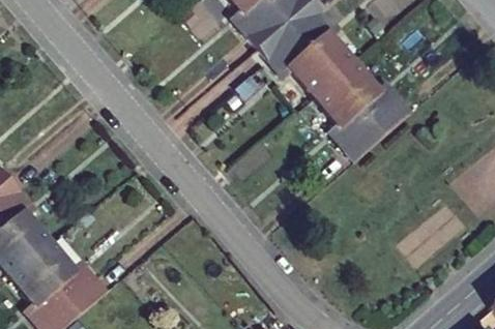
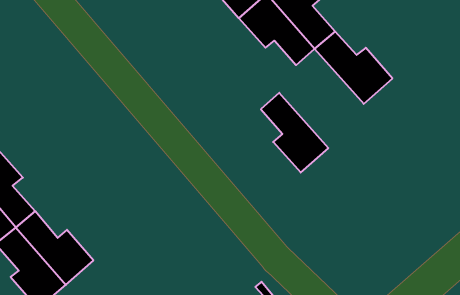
building: [313,77,381,157] -> [261,93,328,173]

